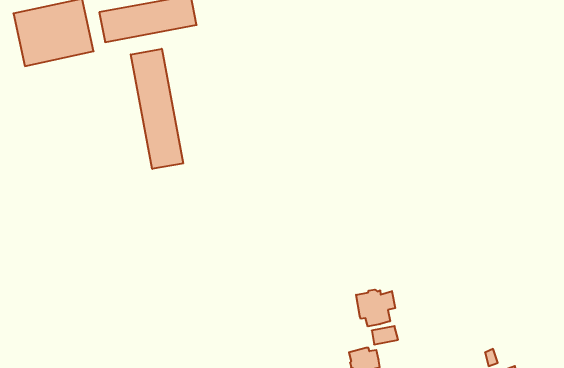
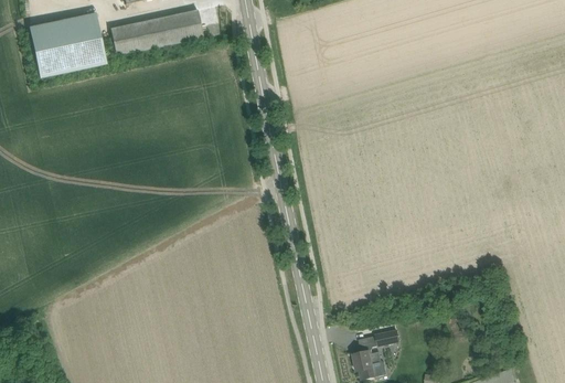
building: [131,49,183,169] -> none
building: [356,290,395,326] -> none

